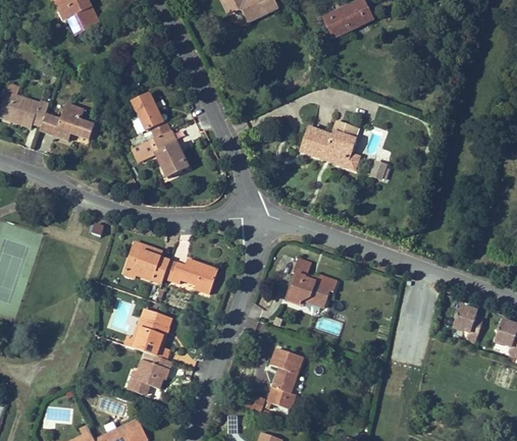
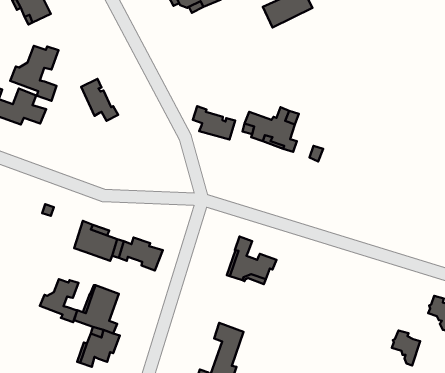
building: none -> [10,46,58,101]
building: none -> [193,106,235,140]
building: [132,129,189,177] -> none
building: none -> [40,279,78,322]
building: [454,305,483,341] -> [392,330,420,365]

